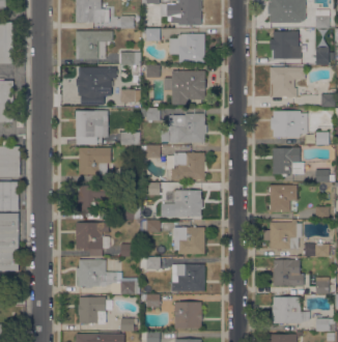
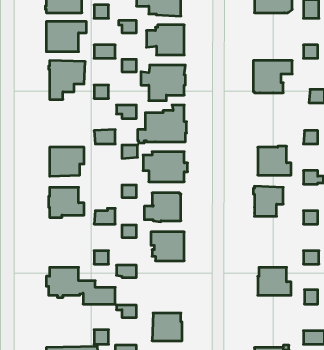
building: [273,31,301,59] -> none
building: [76,111,108,145] -> none
building: [270,111,300,138] -> none
building: [270,221,302,250] -> none
building: [76,223,111,257] -> none
building: [172,264,204,291] -> none
building: [78,297,106,324] -> none
building: [272,297,310,323] -> none

